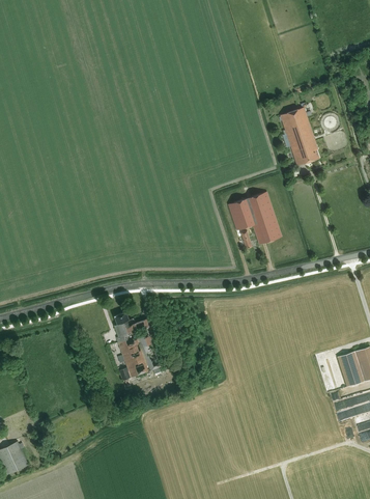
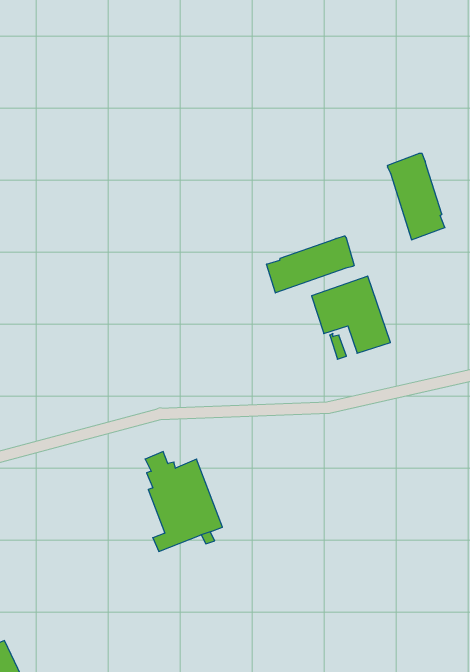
building: none -> [267,236,354,293]

